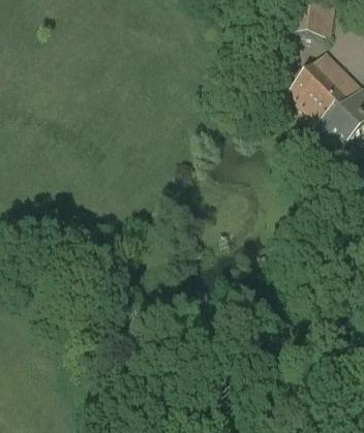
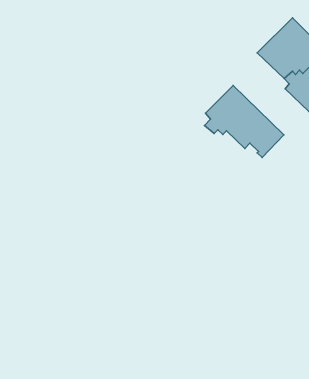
building: none -> [204,85,284,157]

